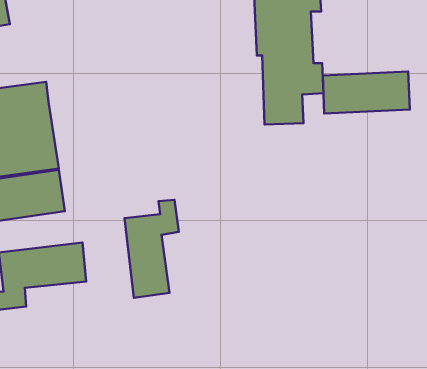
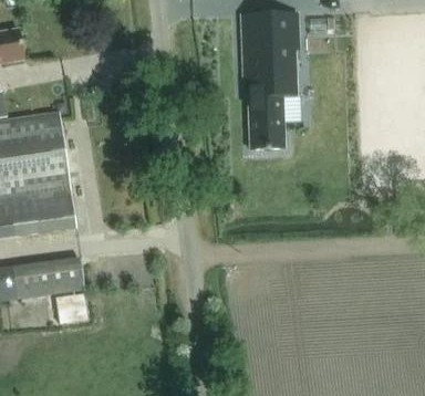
building: [323,71,410,113] -> none
building: [124,200,179,298] -> none

